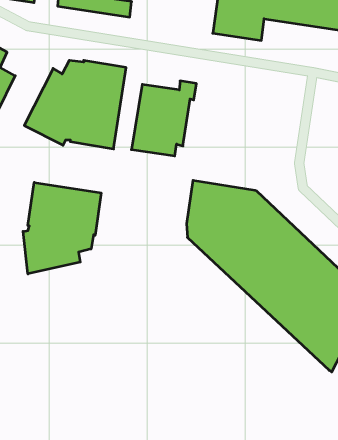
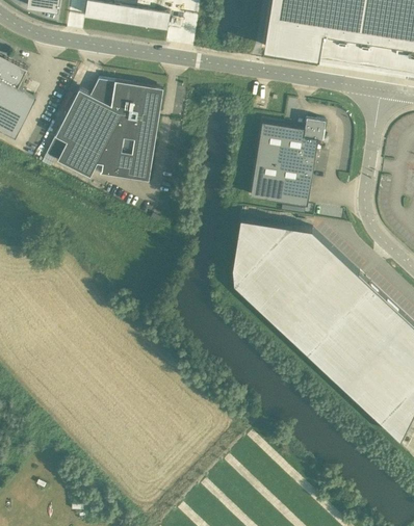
building: [131,81,196,156] -> [249,117,324,204]
building: [23,182,101,274] -> none

